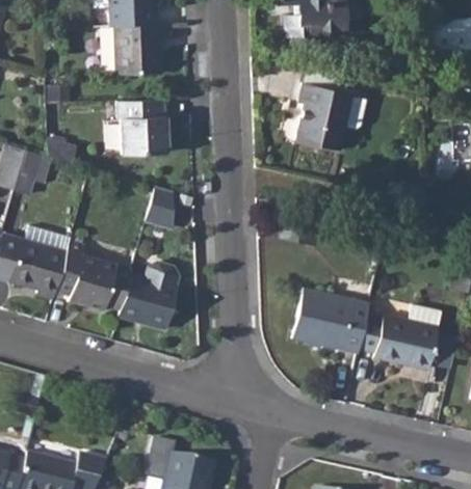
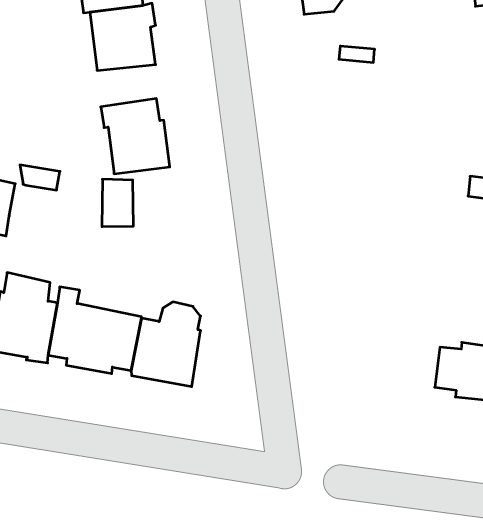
building: [294,83,366,150] -> none
building: [149,187,177,226] -> [102,179,133,227]
building: [291,289,368,354] -> none

